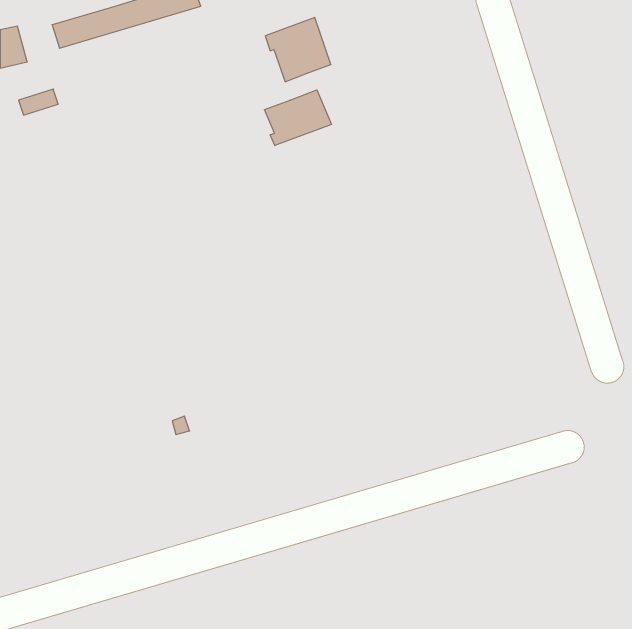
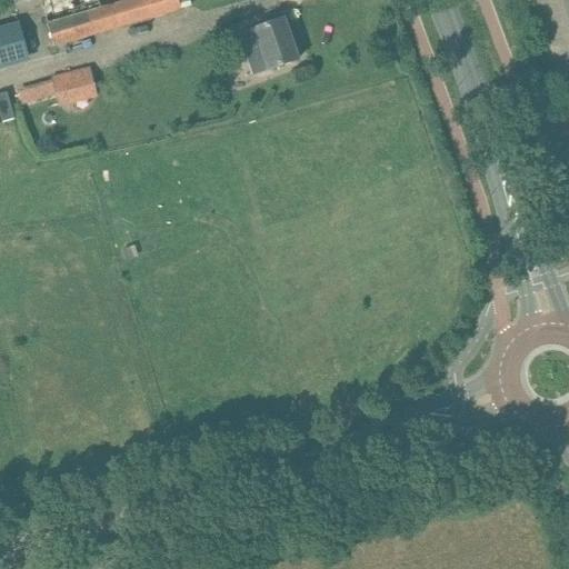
building: none -> [53,68,96,94]
building: [264,90,332,146] -> none

